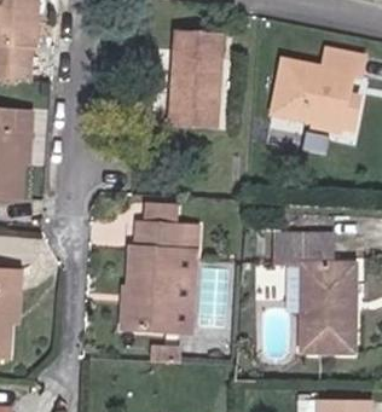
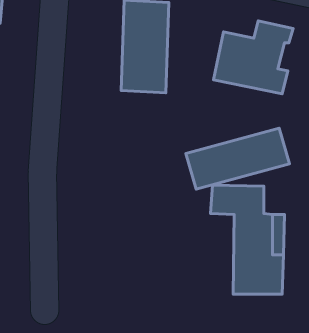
building: none -> [186,128,290,189]
building: [132,224,184,332] -> none

